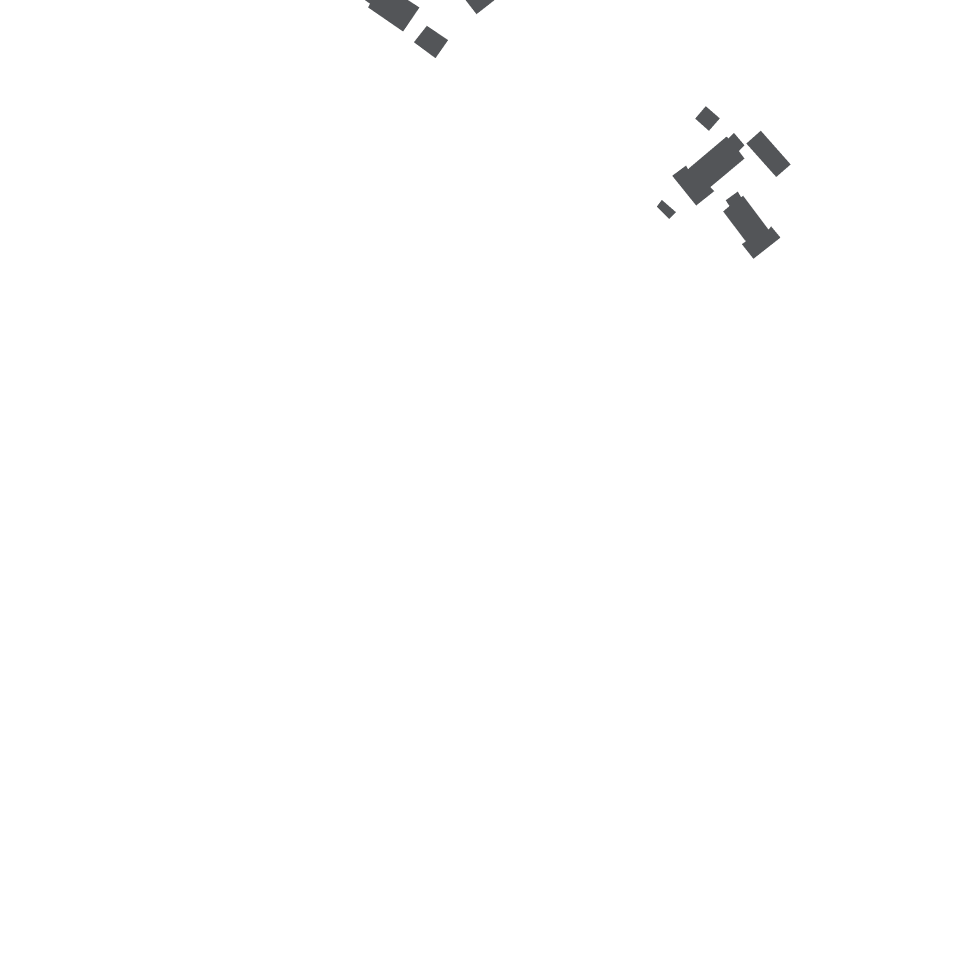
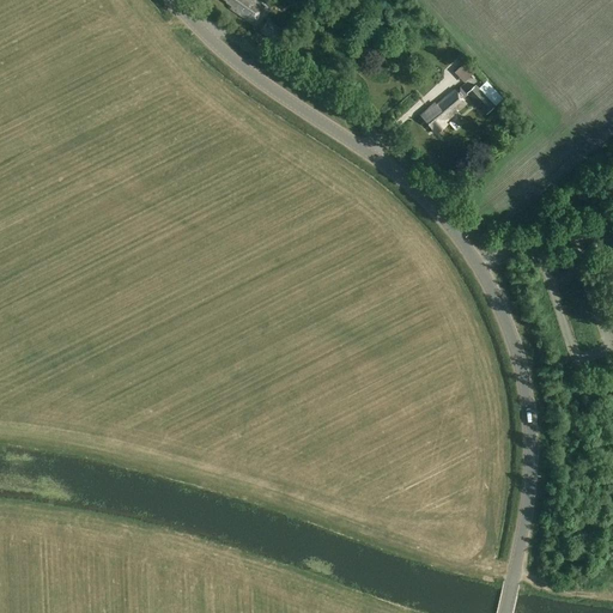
building: [722,190,781,260] -> none

